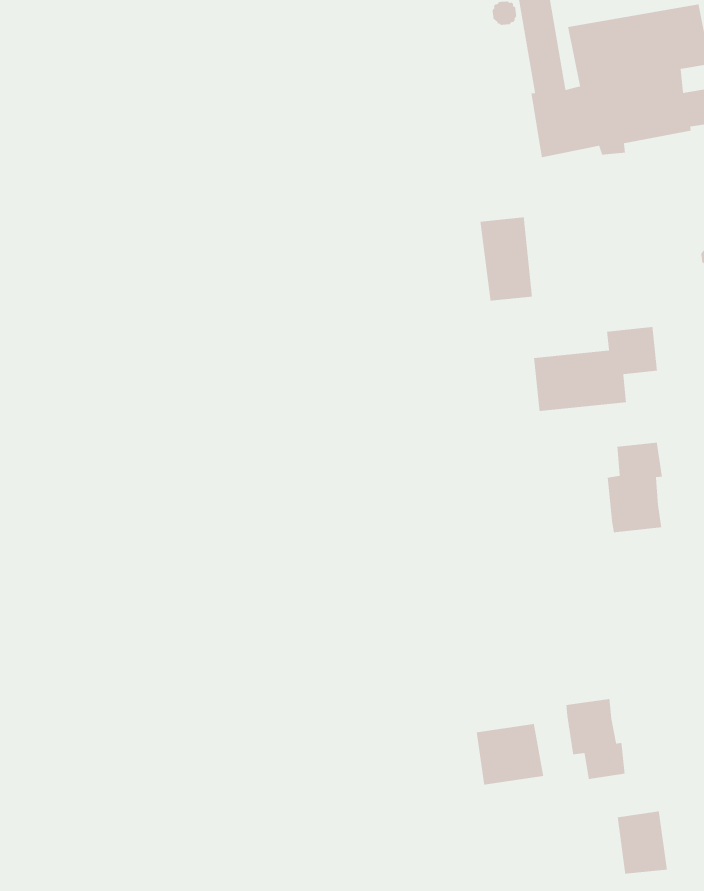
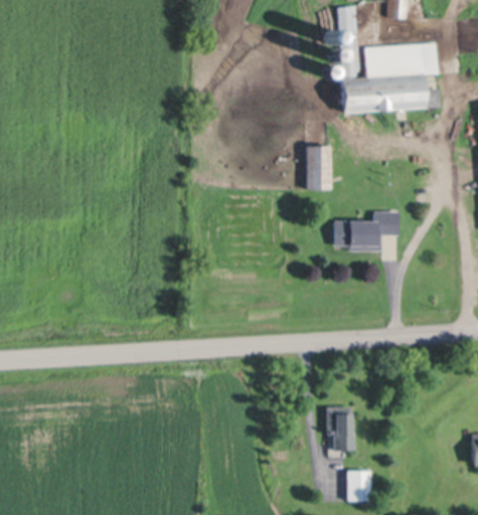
building: [607,442,663,533] -> none
building: [476,723,544,786] -> none

